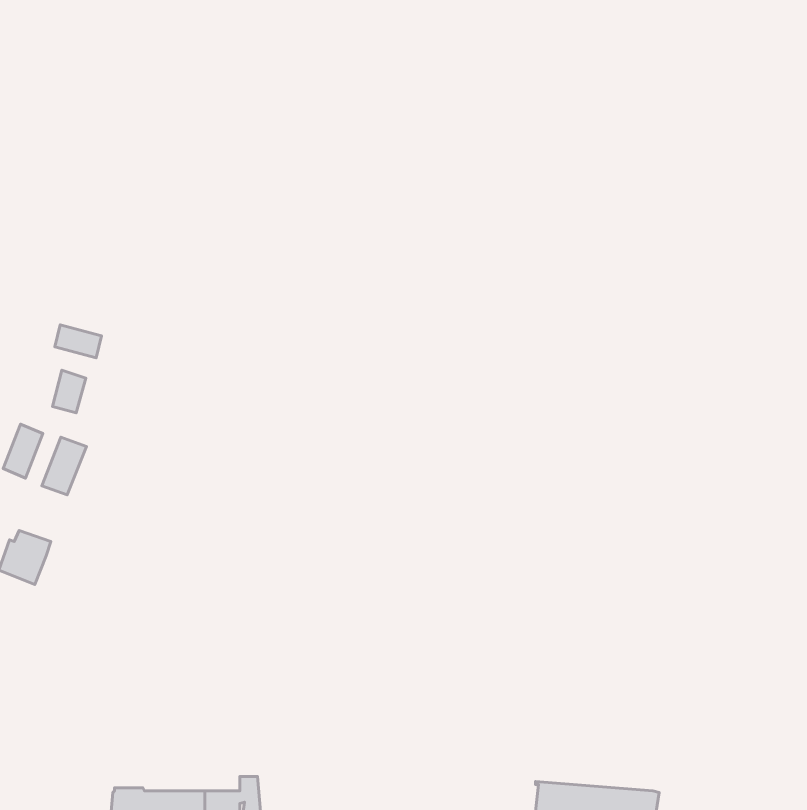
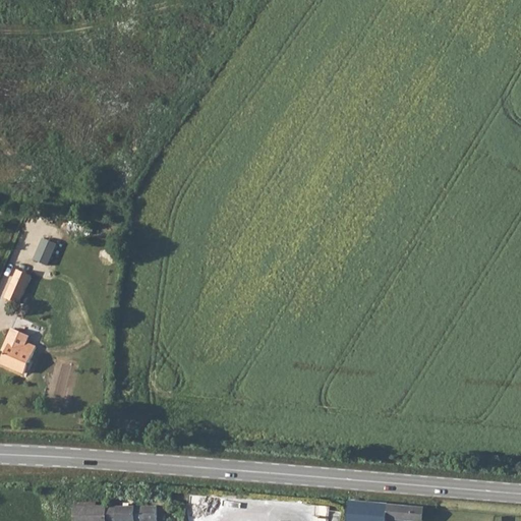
building: [55,325,101,358] -> none
building: [42,437,86,495] -> none

